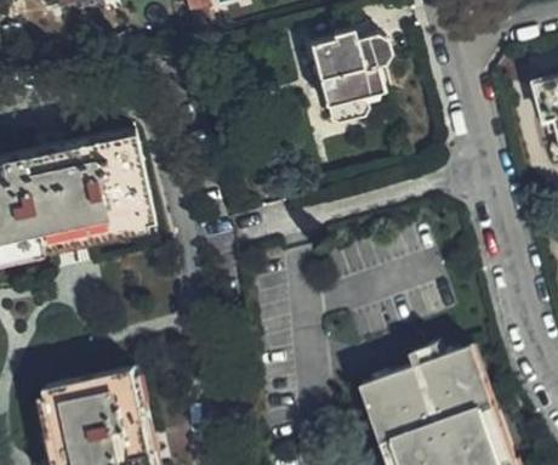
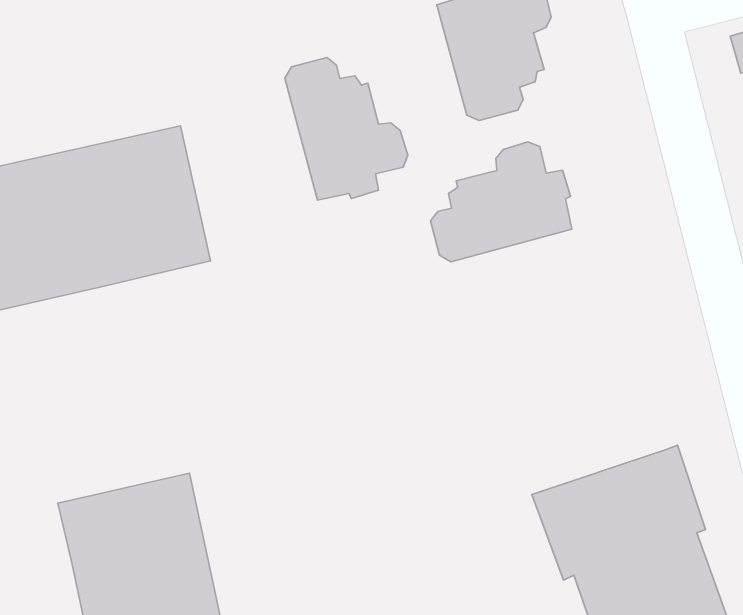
building: none -> [285,58,408,200]
building: none -> [430,142,572,262]

